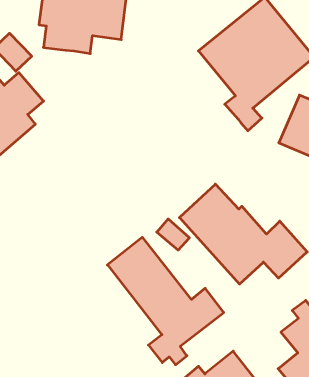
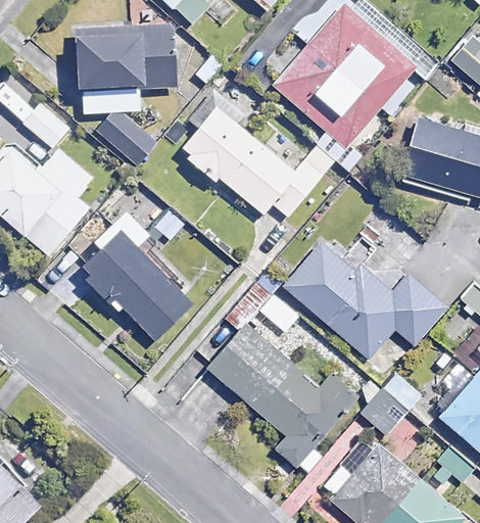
building: none -> [95,110,158,167]
building: none -> [180,104,323,216]
building: none -> [69,208,196,339]
building: none -> [364,374,423,434]

